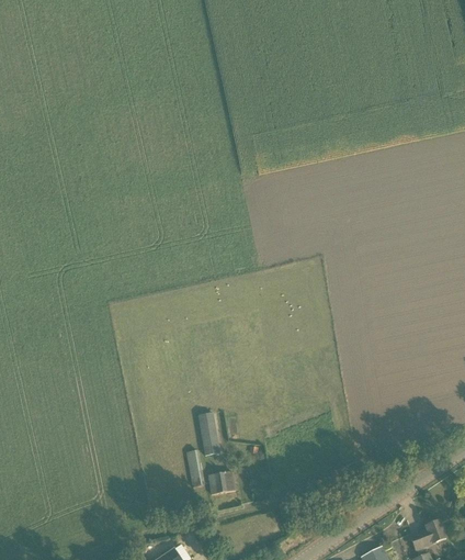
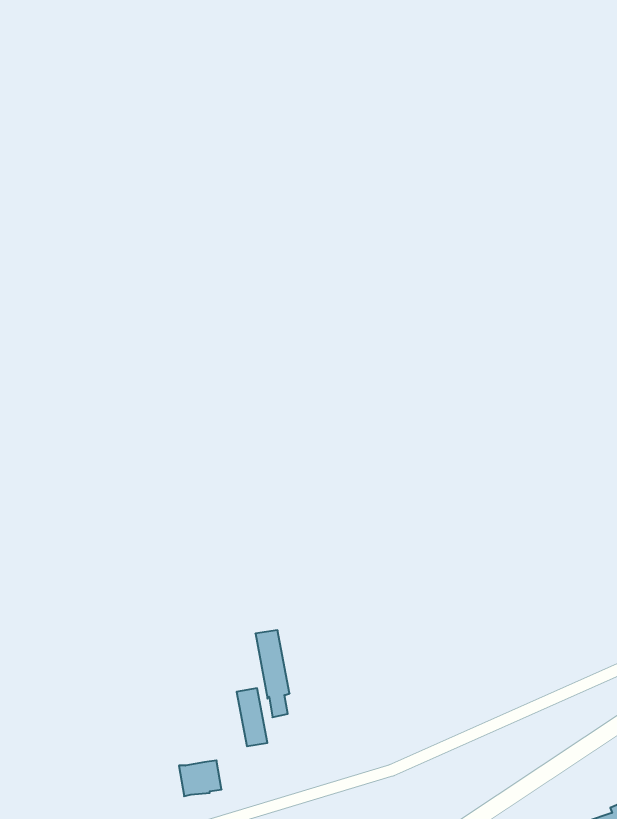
building: [208,472,236,495] -> [179,760,222,796]

